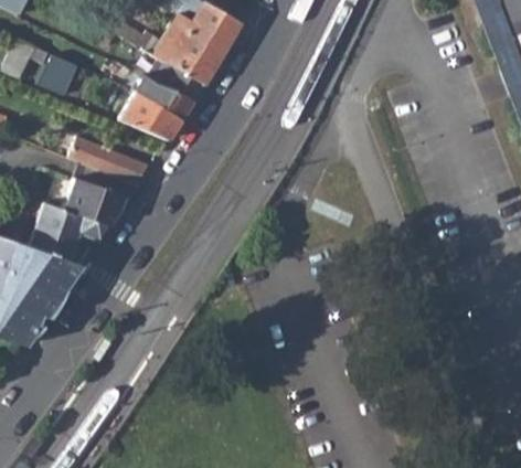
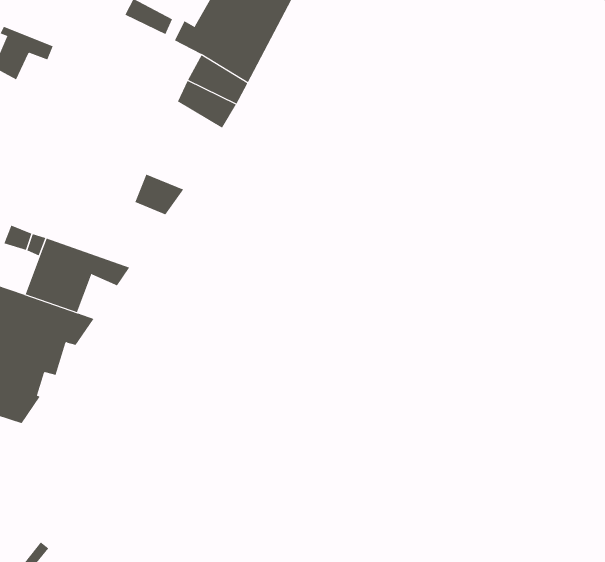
building: [46,54,84,94] -> none
building: [125,93,185,139] -> none
building: [73,136,126,176] -> none
building: [52,171,131,219] -> none

